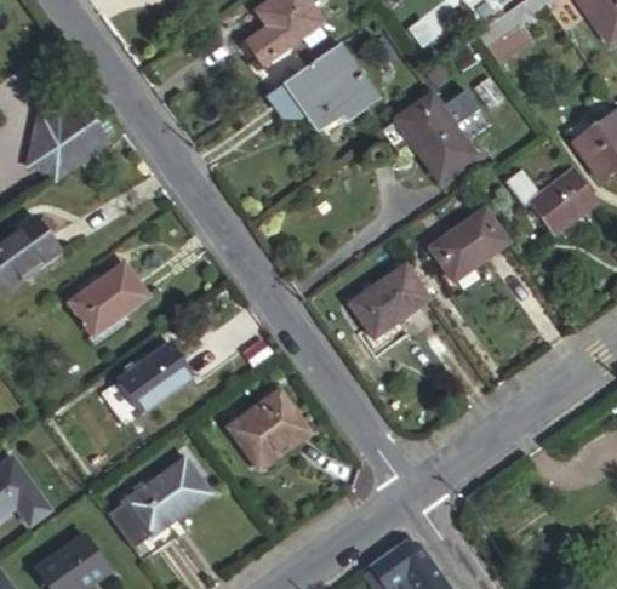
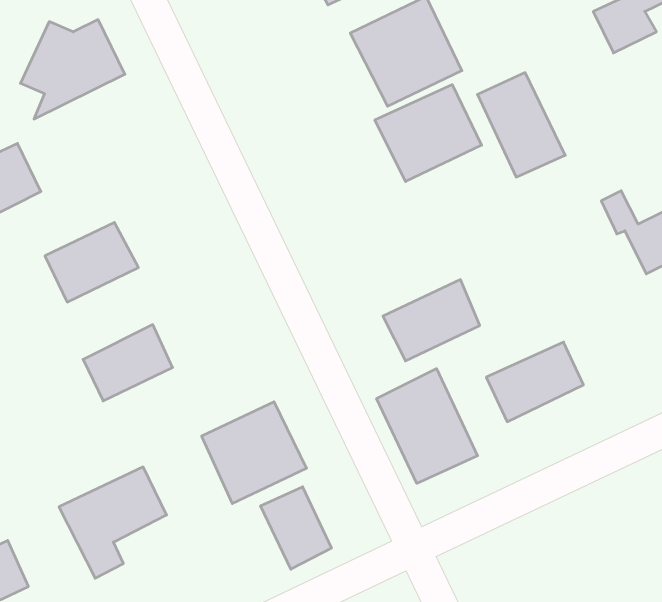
building: none -> [375,85,482,182]
building: [430,208,509,280] -> [486,342,583,422]
building: none -> [377,369,478,483]
building: none -> [261,487,331,569]

